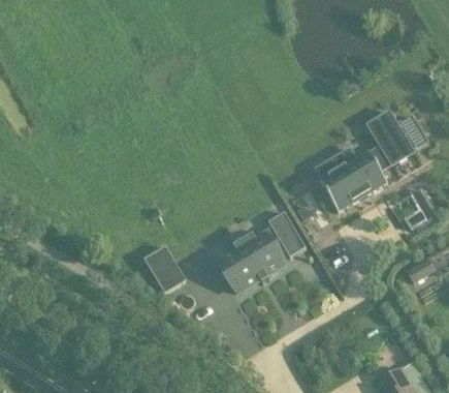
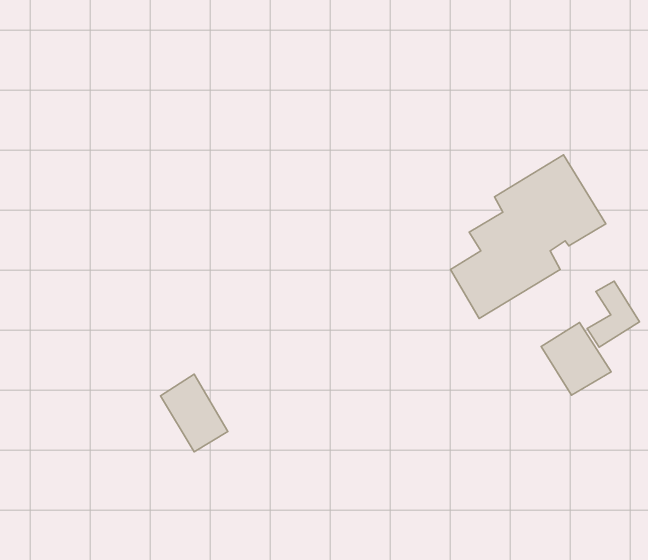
building: [220,210,307,291] -> none
building: none -> [541,322,611,395]

